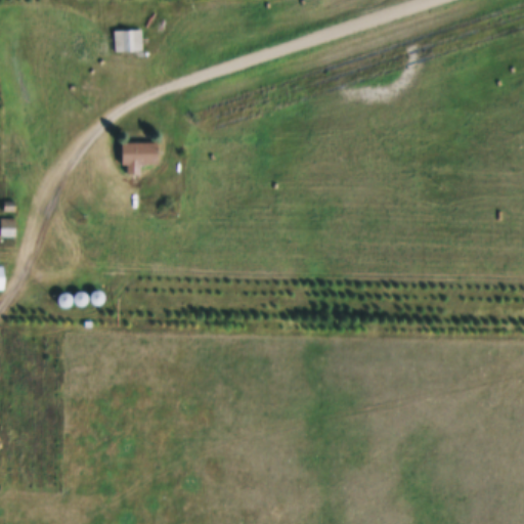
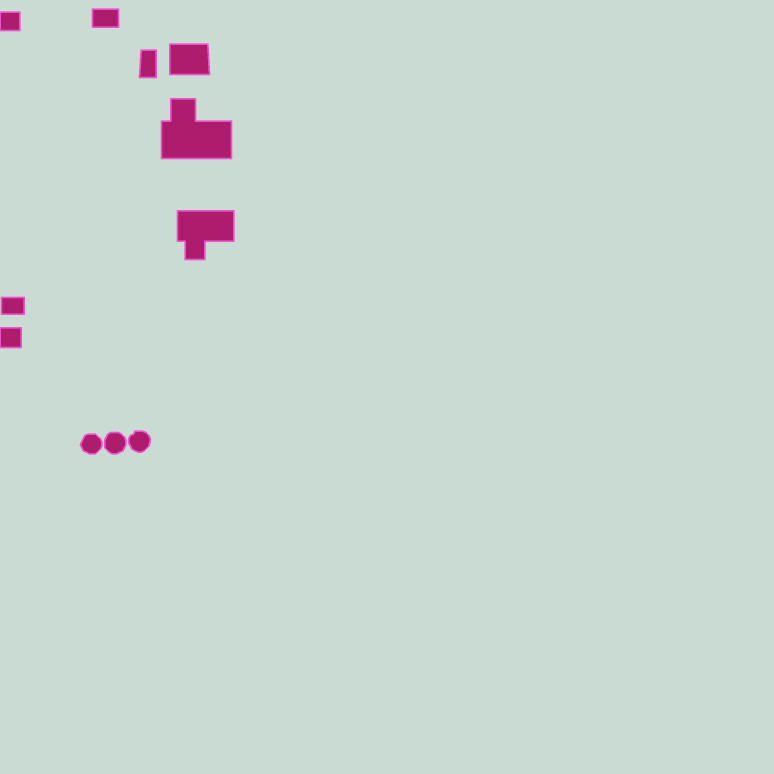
building: none -> [161,99,231,158]

